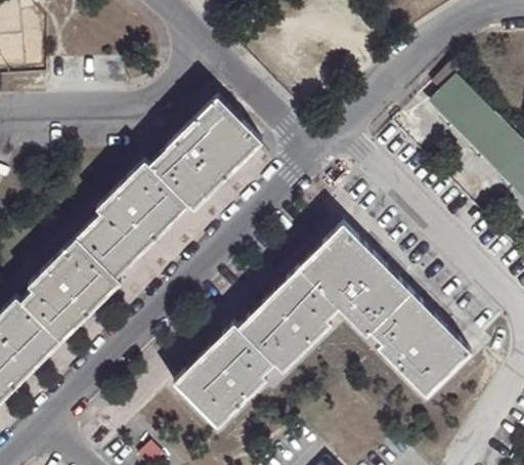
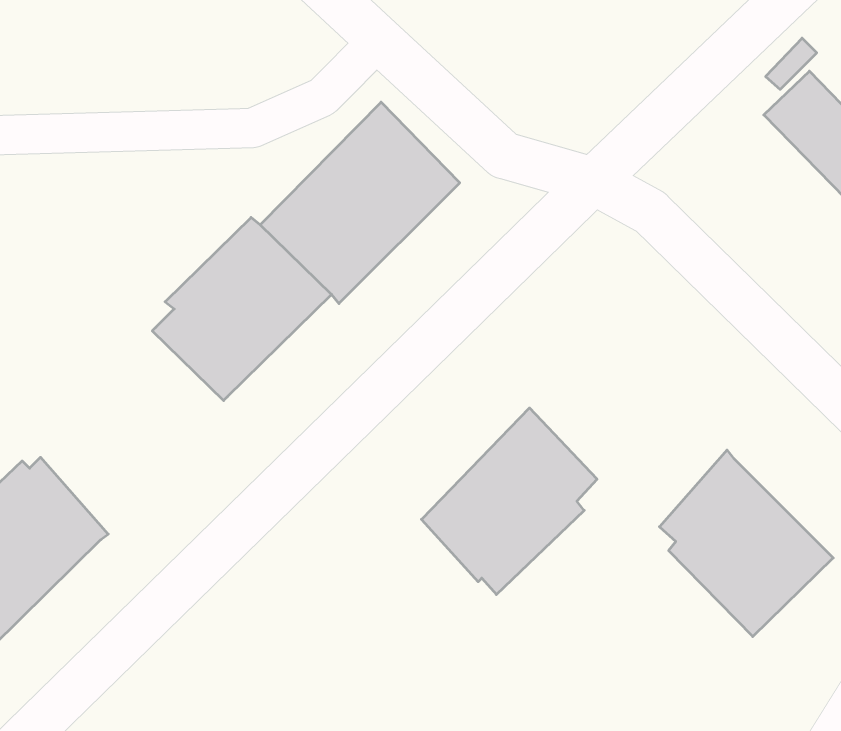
building: [300,223,410,335] -> none
building: [27,225,129,339] -> none
building: [177,326,271,427] -> none

